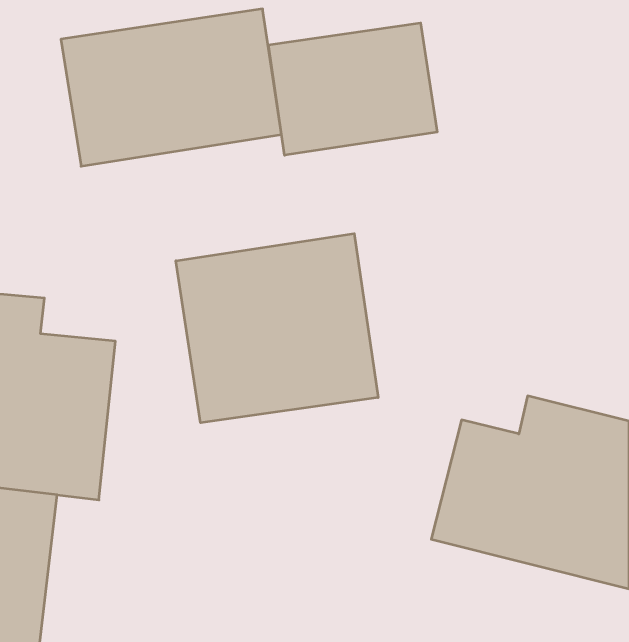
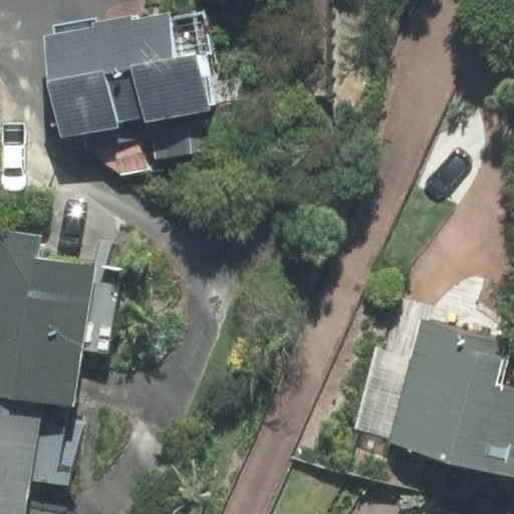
building: [269,23,437,155] -> none
building: [176,234,378,423] -> none

